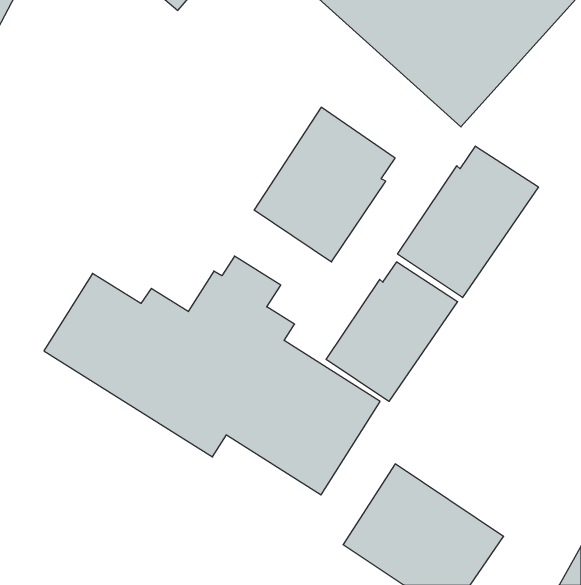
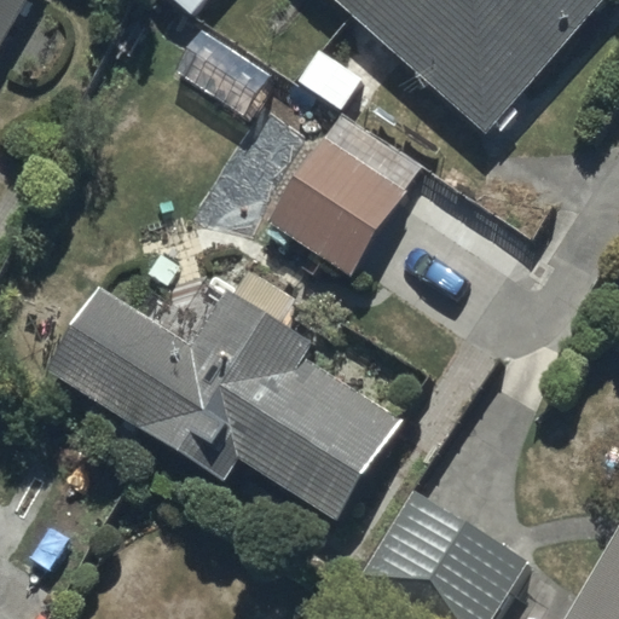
building: [398,146,538,298] -> none
building: [326,262,458,401] -> none

